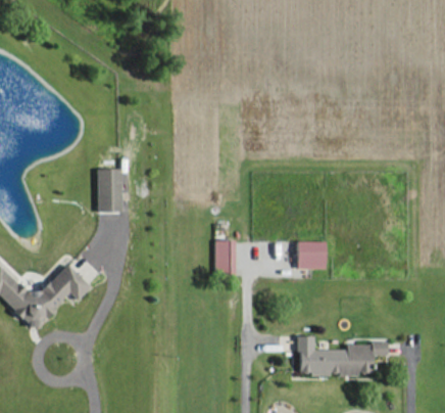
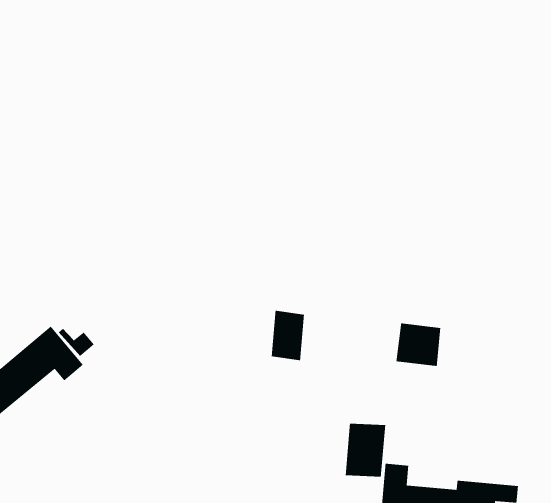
building: [97,169,125,213] -> none
building: none -> [345,423,386,477]

